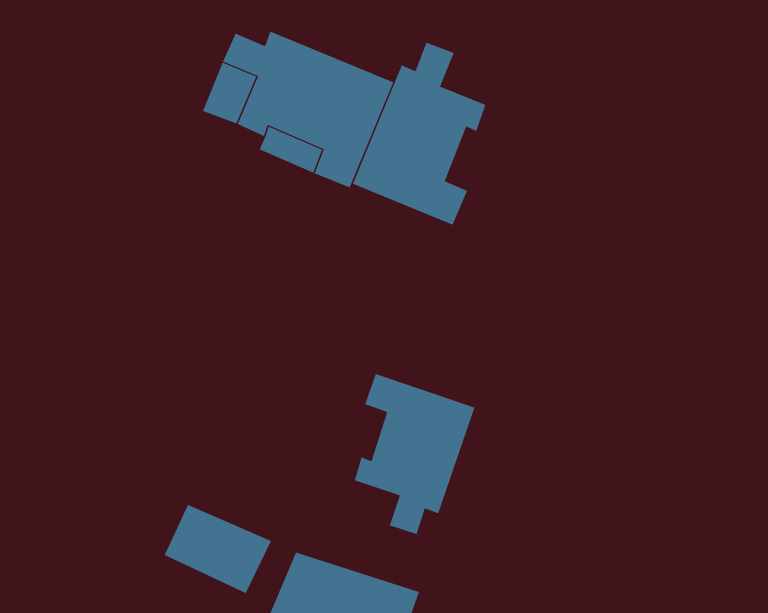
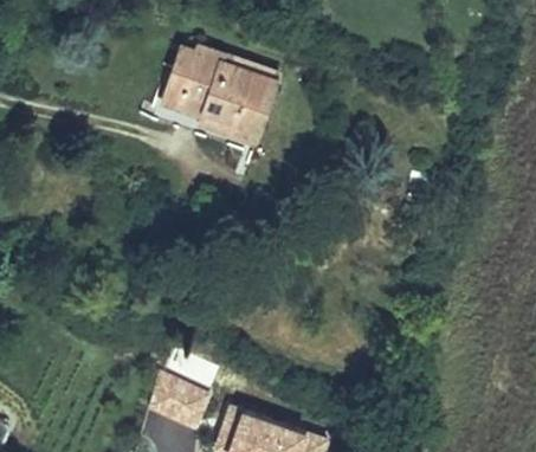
building: [352,42,486,225] -> none
building: [354,373,475,535] -> none

